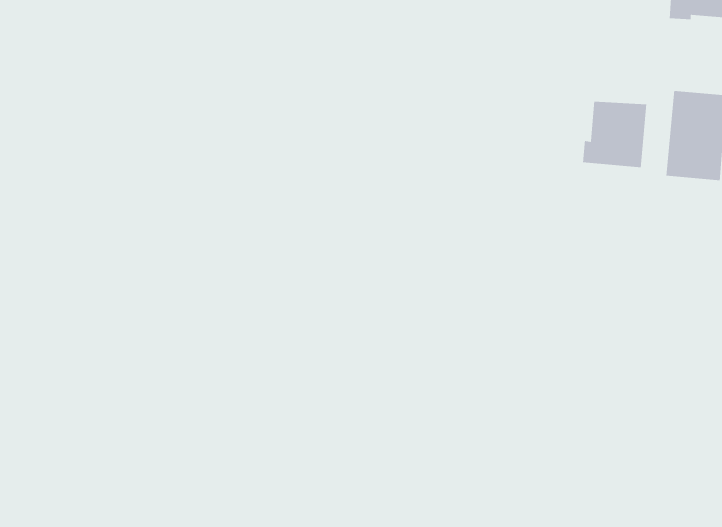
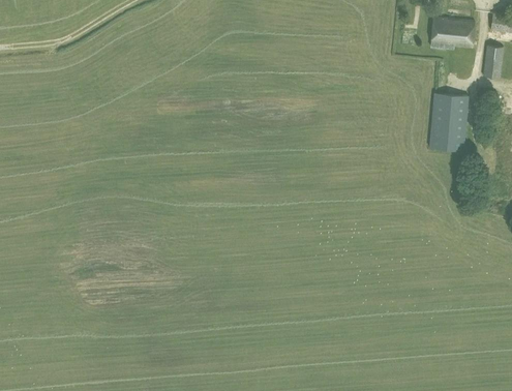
building: [582,101,647,168] -> none

